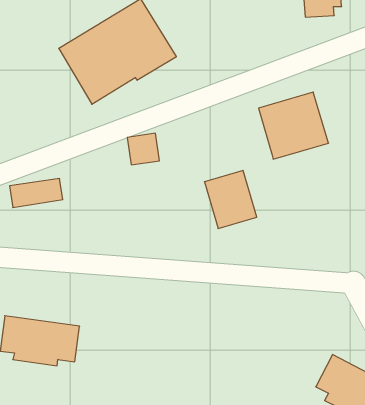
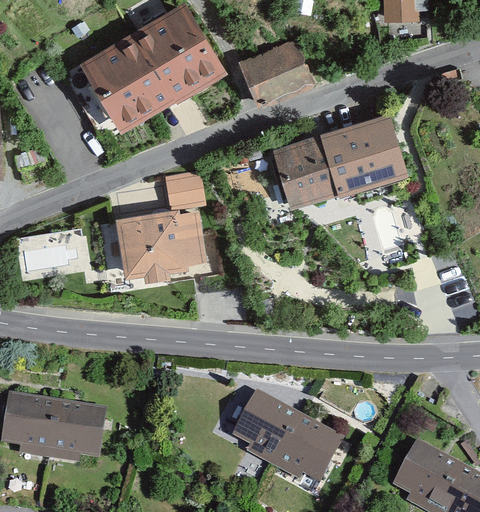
building: none -> [246,42,310,100]
building: none -> [112,209,204,284]
building: [204,170,257,229] -> [277,138,342,210]
building: none -> [235,392,339,476]

